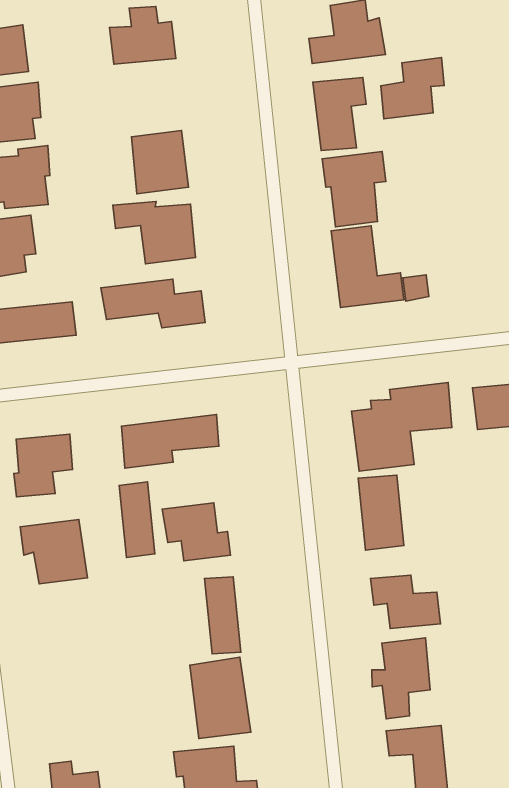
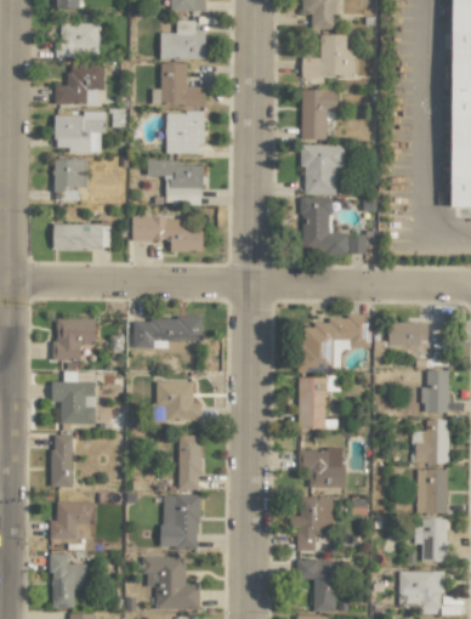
building: [381,57,444,119] -> none
building: none -> [152,62,205,106]
building: [119,482,155,557] -> [51,435,73,487]
building: none -> [50,501,95,539]

